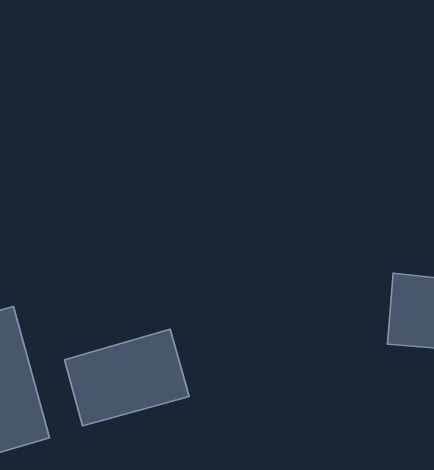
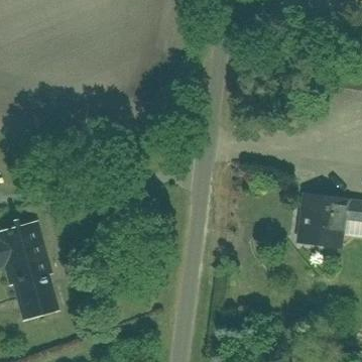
building: [64,329,189,426] -> none

